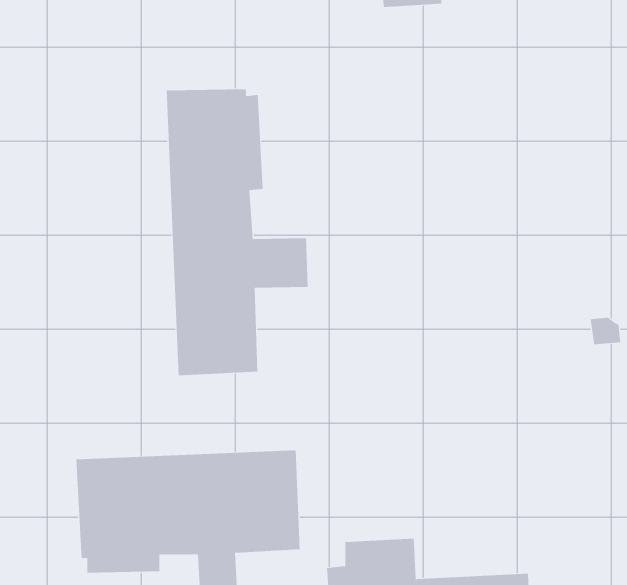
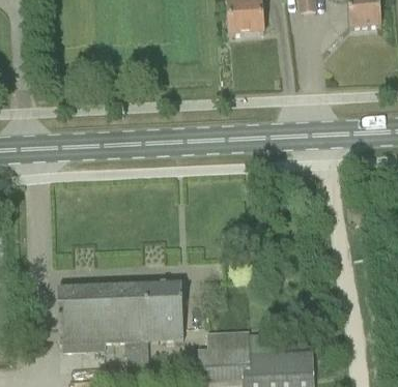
building: [166,88,308,376] -> none

